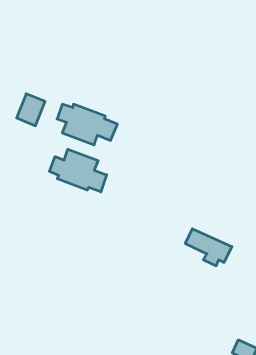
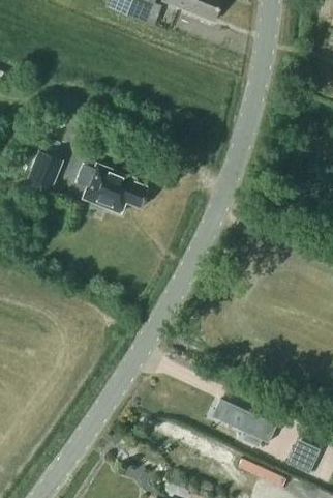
building: [49,149,107,192] -> none
building: [185,229,232,266] -> [220,402,276,446]

